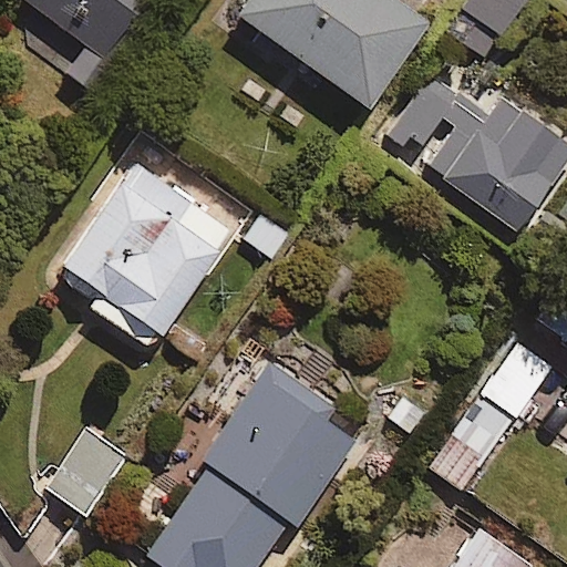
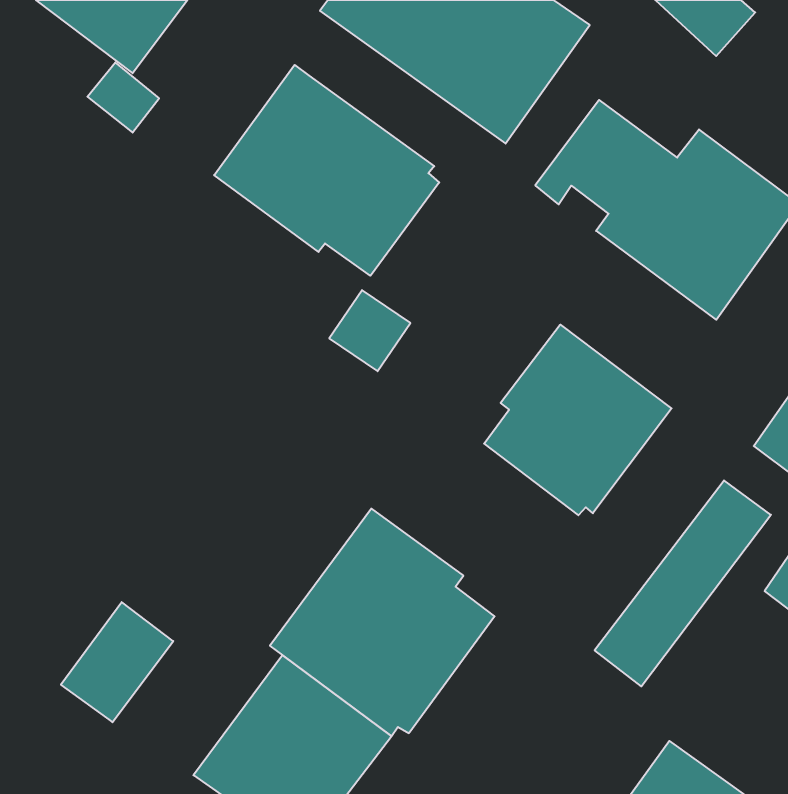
building: none -> [214,65,439,276]
building: [58,163,231,346] -> none
building: none -> [484,325,672,515]

